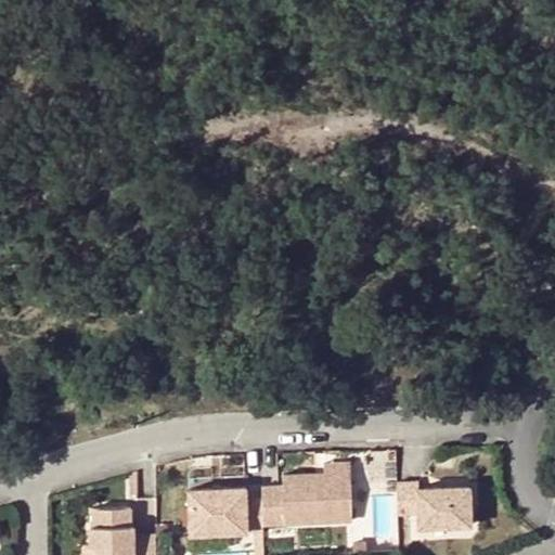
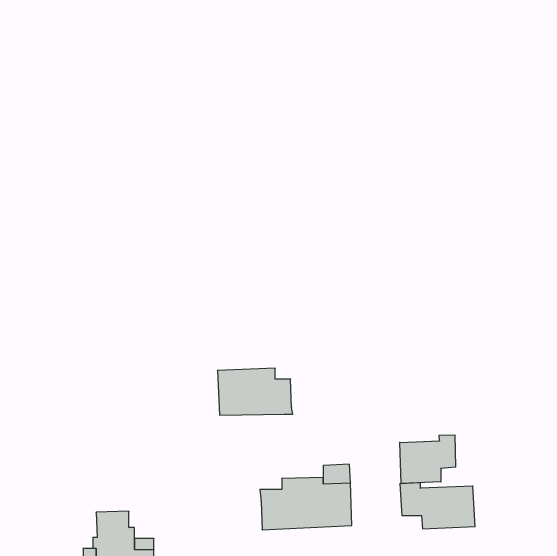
building: none -> [400,435,456,484]
building: [188,489,262,535] -> [217,368,293,415]

